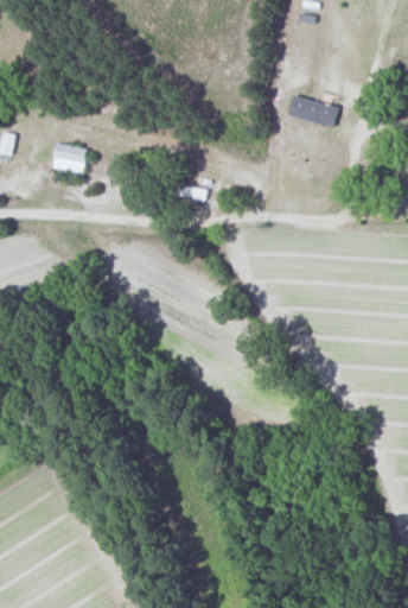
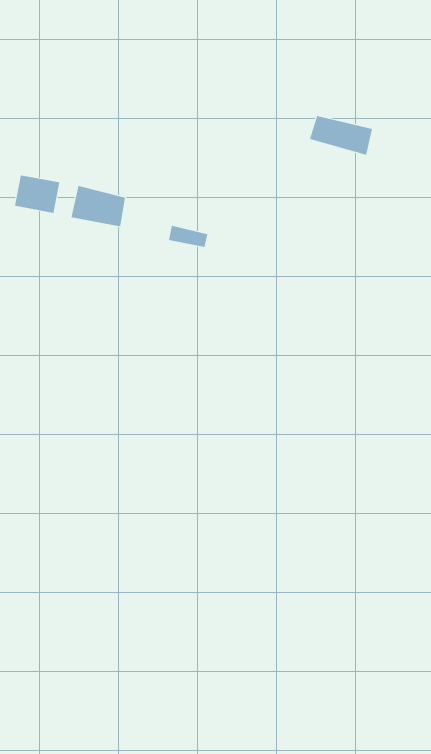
building: none -> [71,185,125,227]

